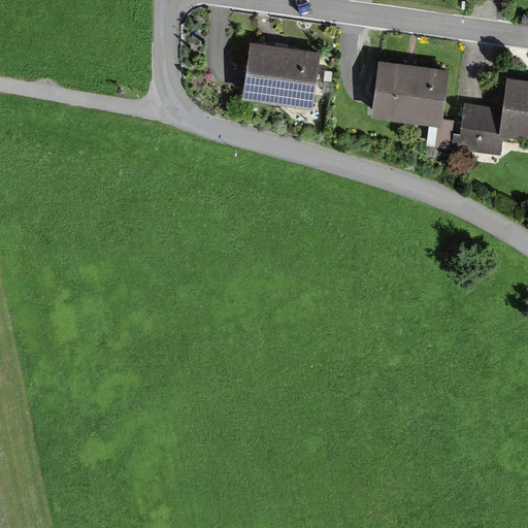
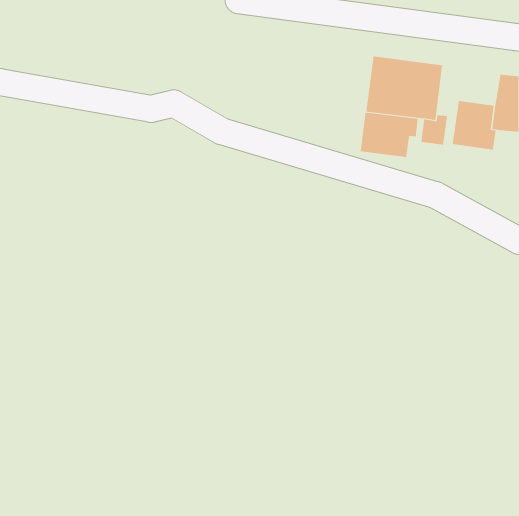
building: [242,42,322,108] -> none
building: none -> [360,112,418,158]

